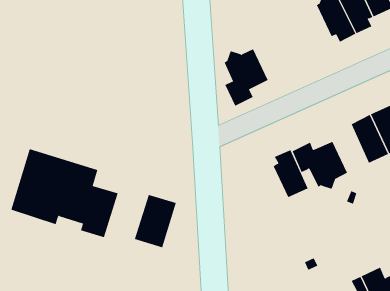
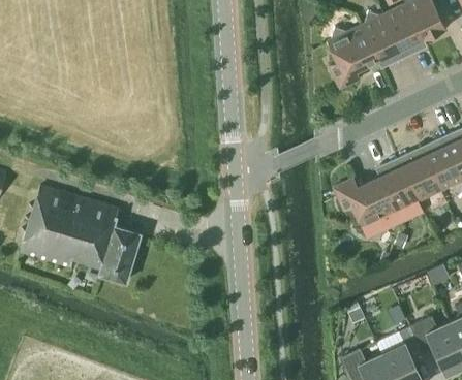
building: [224,49,268,106] -> [328,26,377,90]
building: [273,149,308,198] -> [379,158,419,212]
building: [134,194,177,248] -> none

